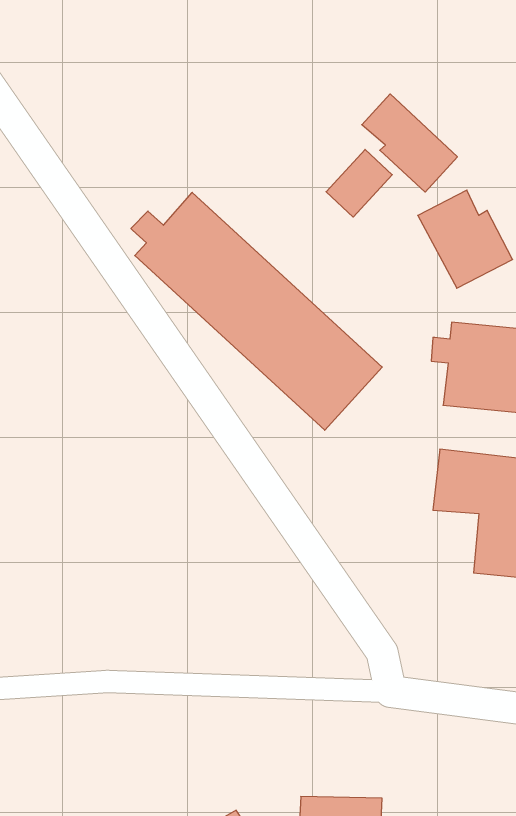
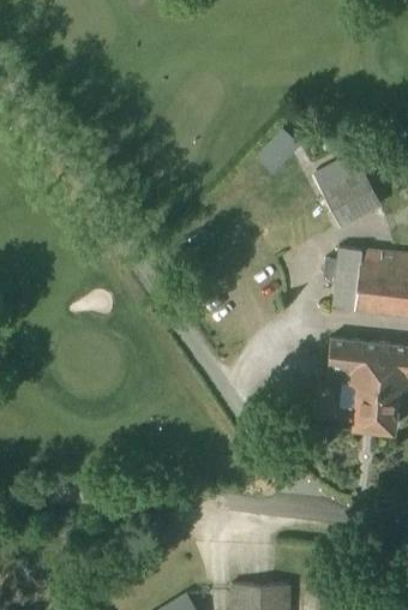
building: [362,94,457,192] -> none
building: [131,192,382,430] -> none

